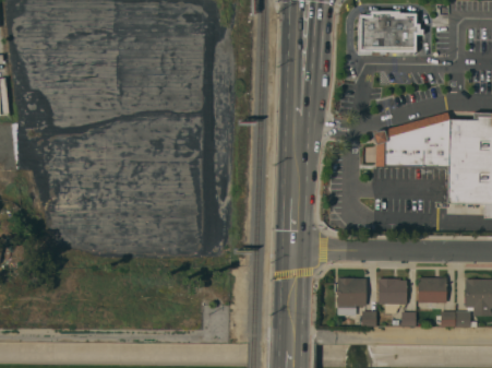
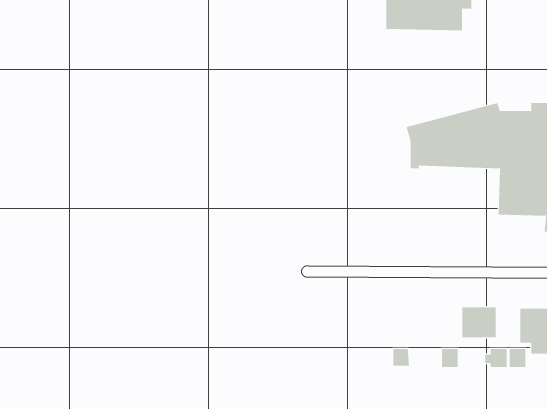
building: [337,280,365,307] -> none
building: [379,280,407,305] -> none

